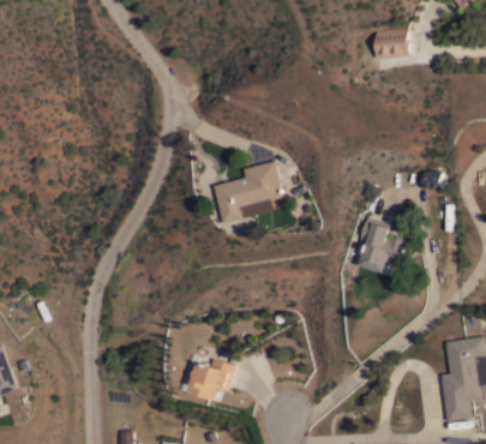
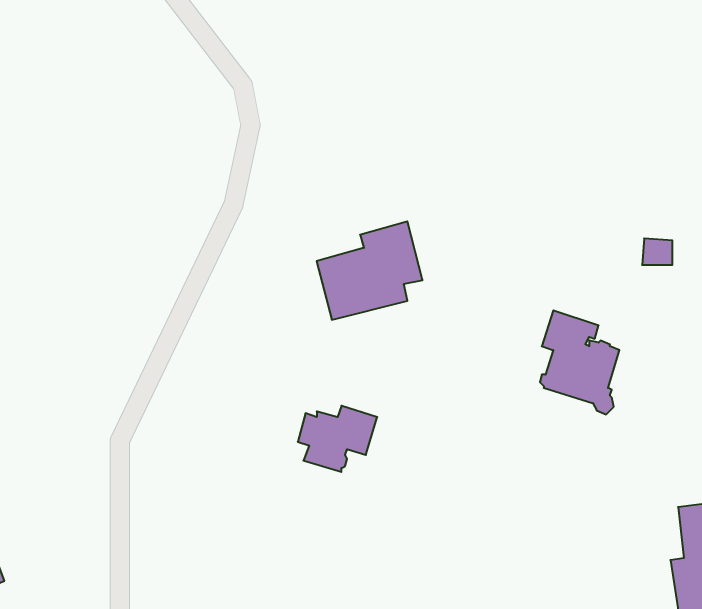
building: [372,29,409,59] -> none
building: [185,359,235,401] -> [298,406,377,472]

